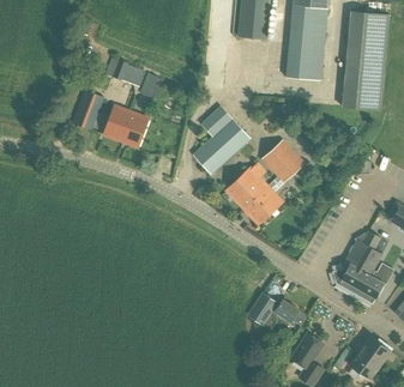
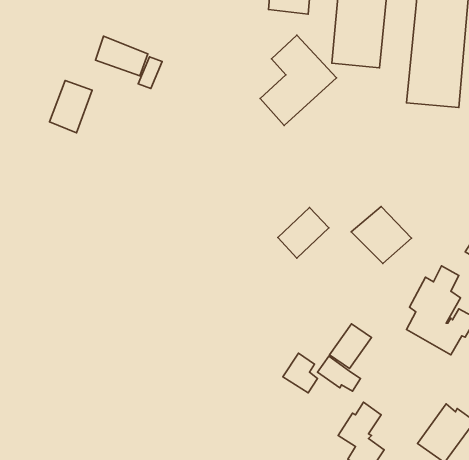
building: [104,105,147,146] -> none
building: [193,105,251,174] -> [260,35,336,125]
building: [260,139,306,182] -> [351,206,411,263]
building: [227,167,269,208] -> none
building: none -> [329,324,372,369]

